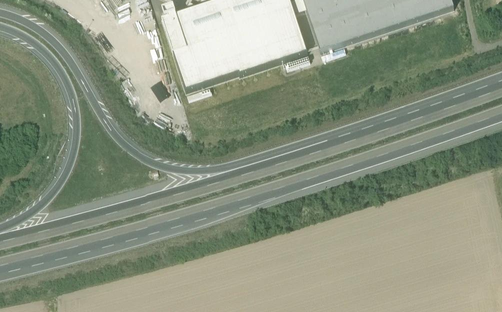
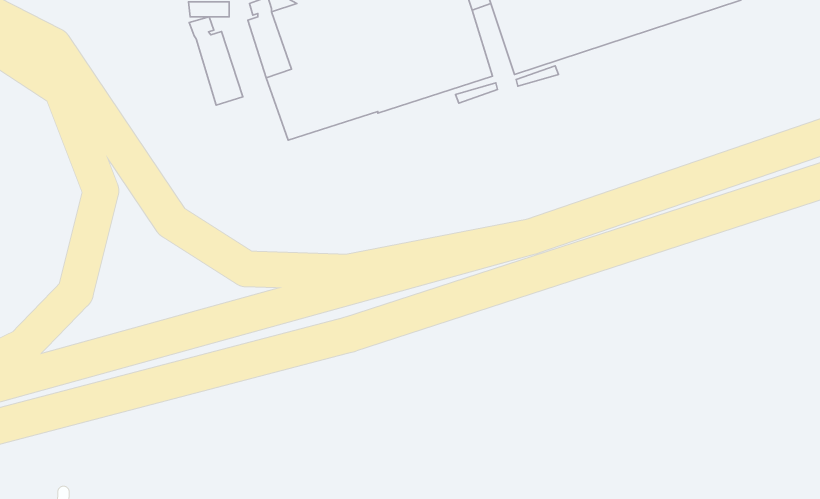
building: none -> [189,17,243,105]

